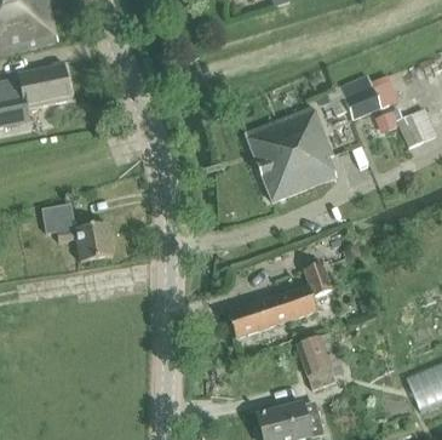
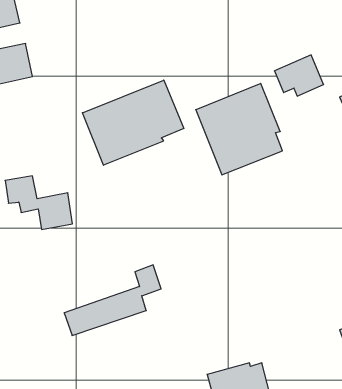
building: none -> [82,80,184,165]
building: [229,262,332,337] -> [64,265,161,336]
building: [295,336,337,392] -> none

